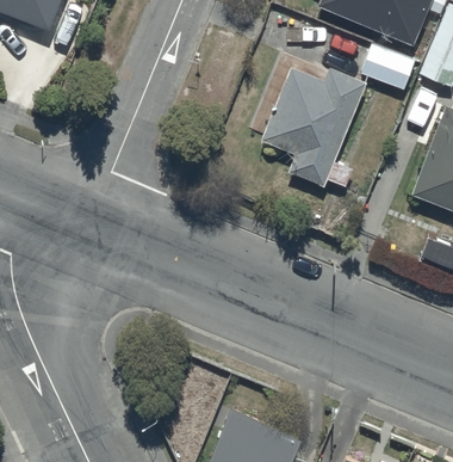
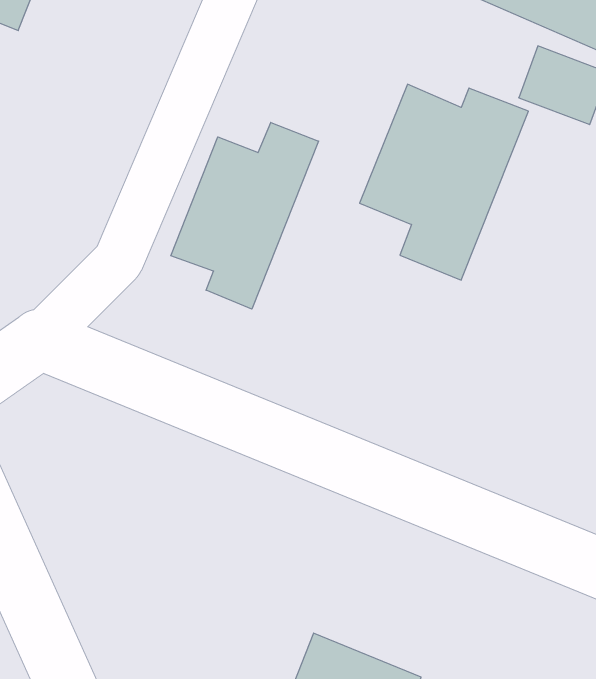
building: none -> [171,122,319,309]

